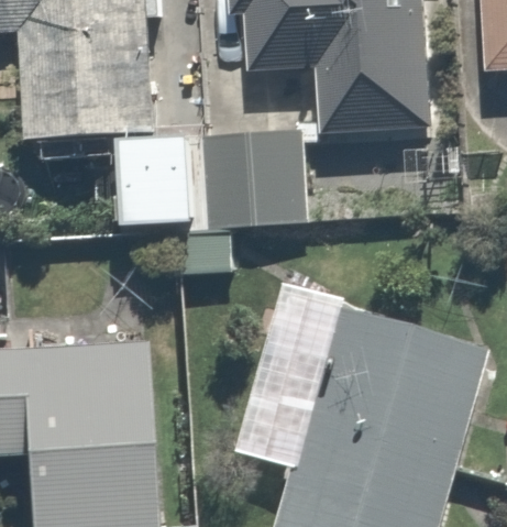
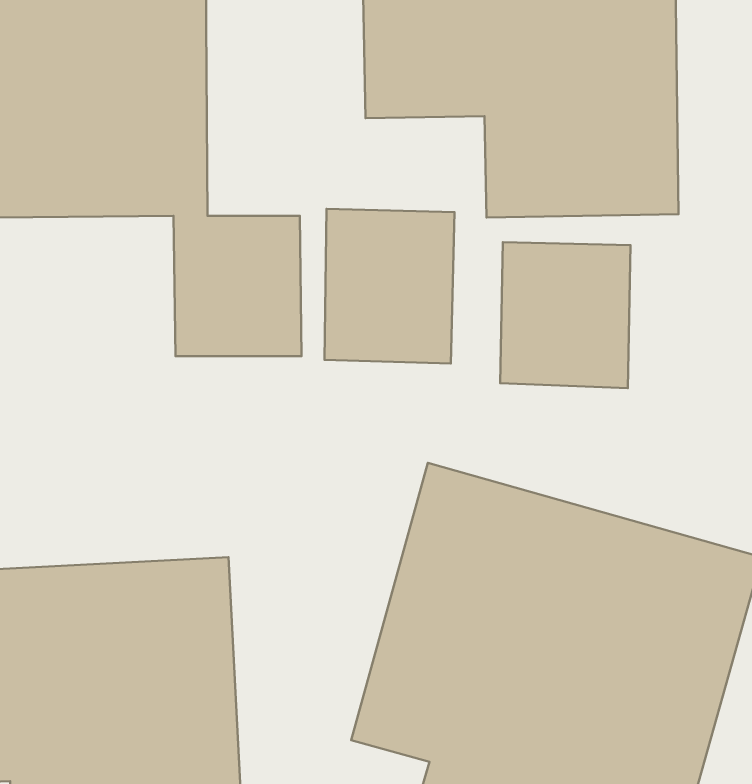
building: none -> [500,242,631,388]

